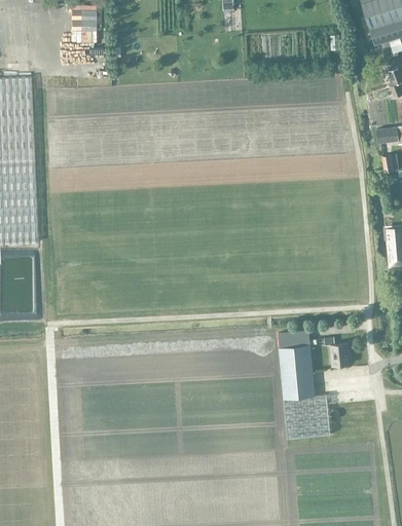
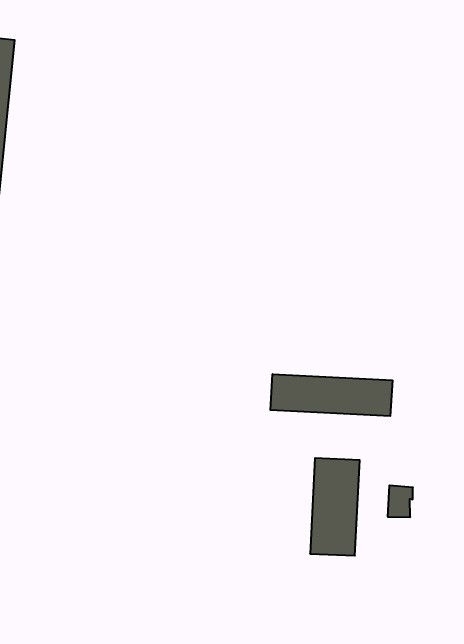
building: none -> [270,374,392,416]
building: [284,394,330,439] -> none

